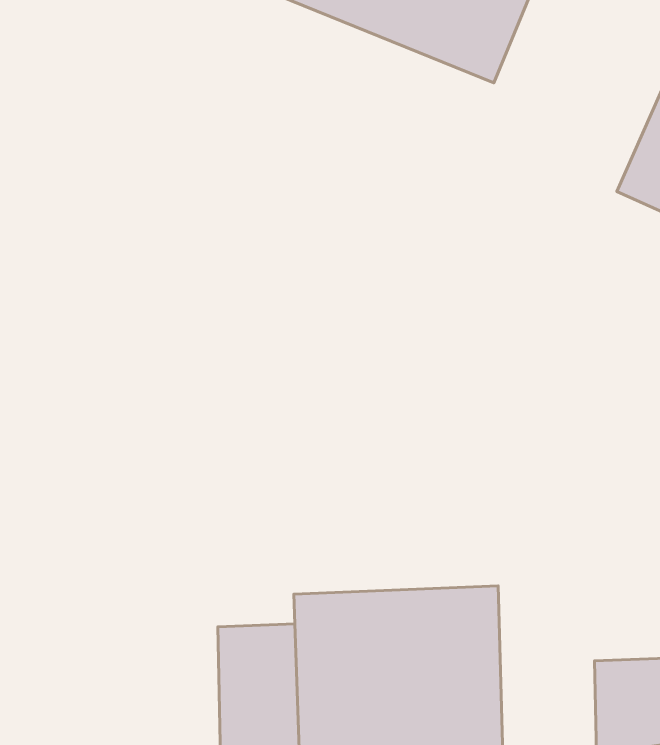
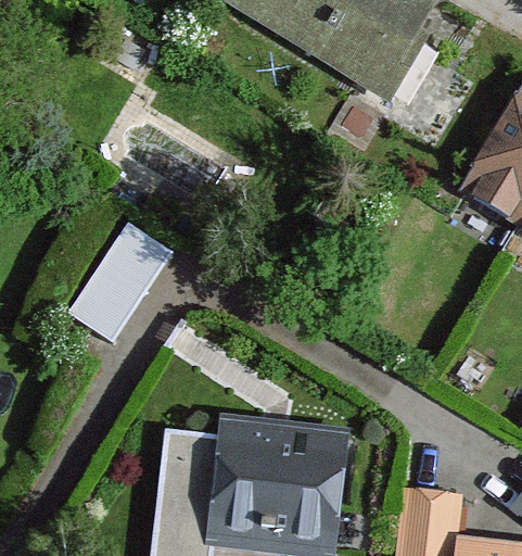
building: none -> [72,217,177,338]

